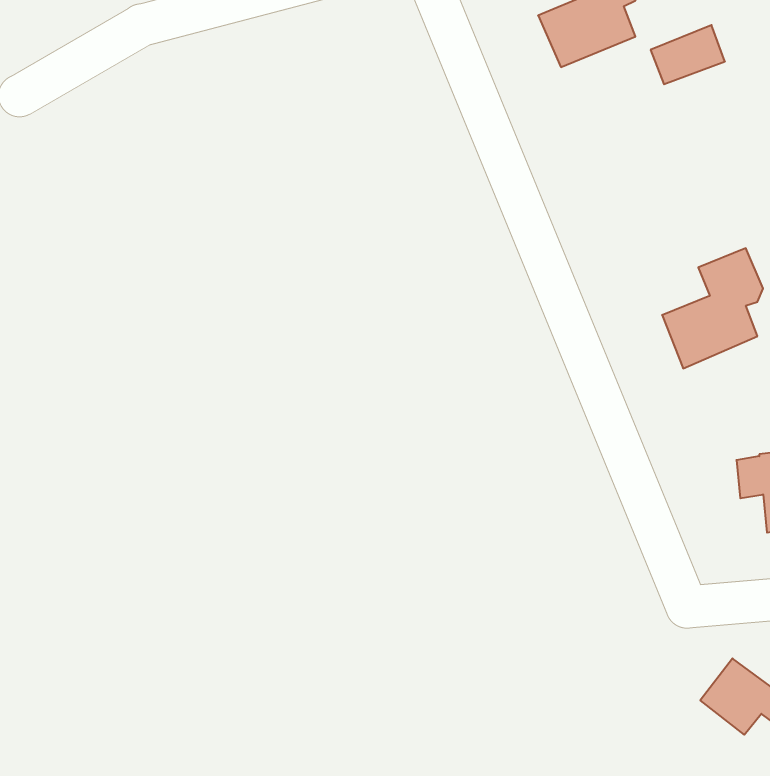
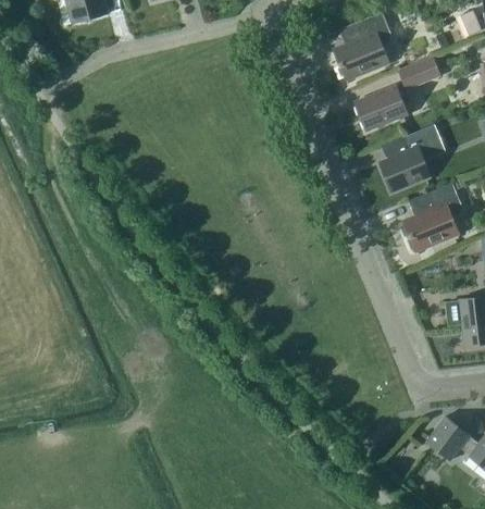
building: none -> [355,86,406,129]
building: none -> [380,124,446,191]

